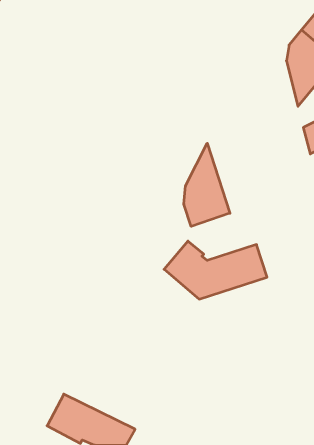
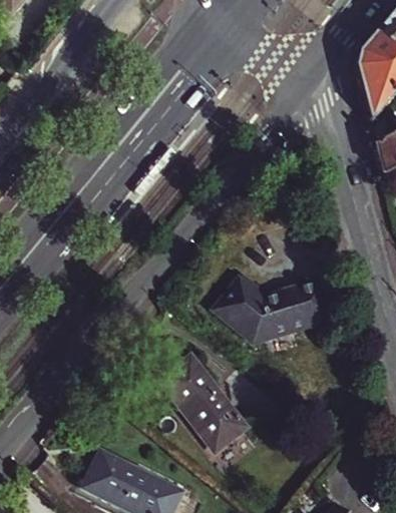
building: [184,143,230,226] -> none
building: none -> [160,355,248,451]

